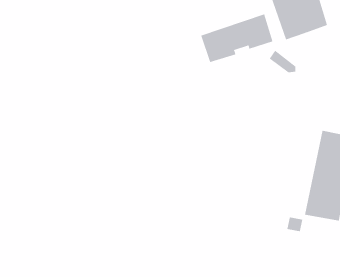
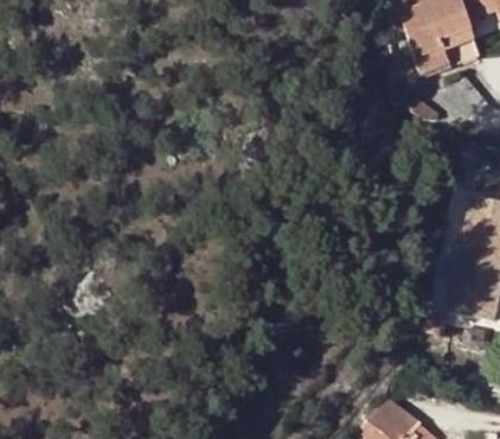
building: [201,13,273,63] -> none

